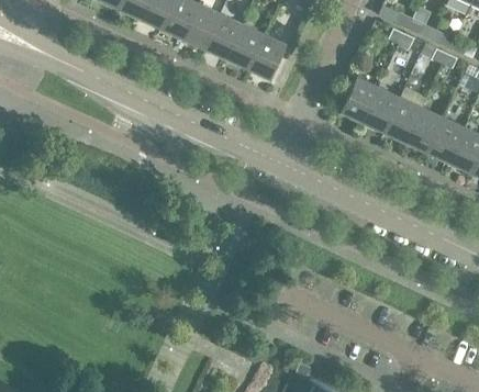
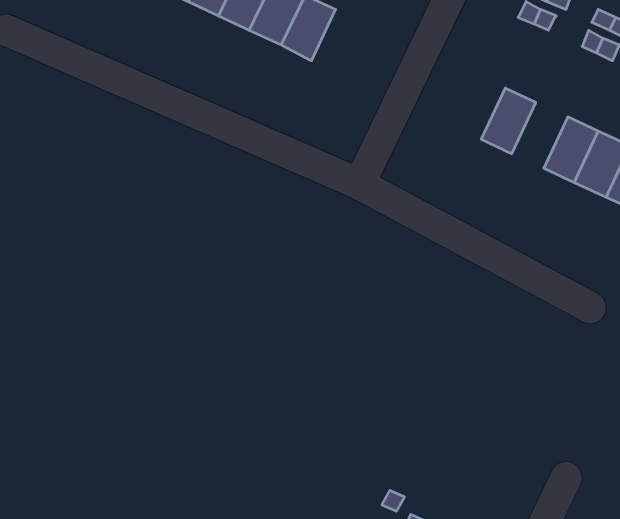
building: [247,34,287,79] -> none
building: [342,78,380,123] -> none
building: [385,98,423,143] -> none

